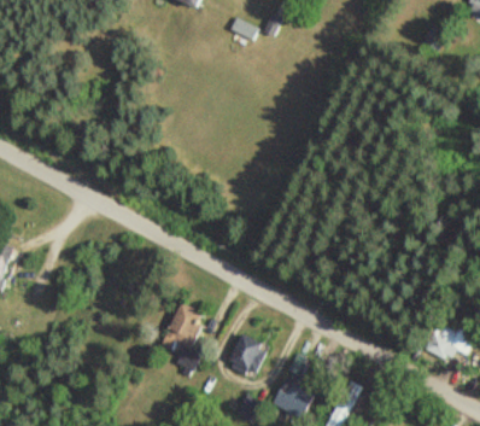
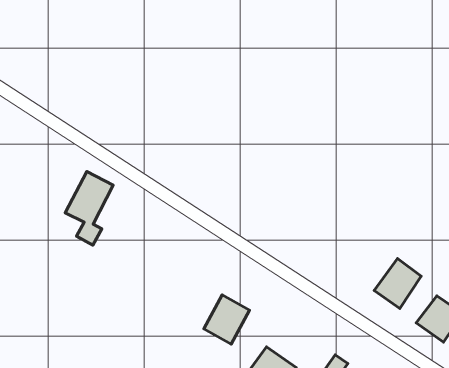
building: none -> [374,259,421,308]
building: [164,303,206,370] -> [65,171,113,245]

